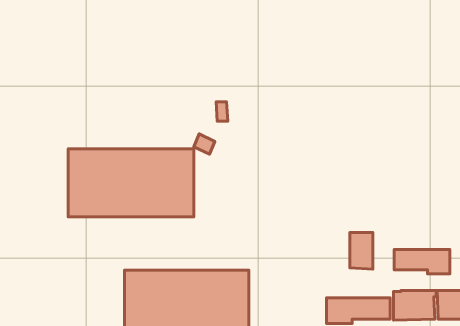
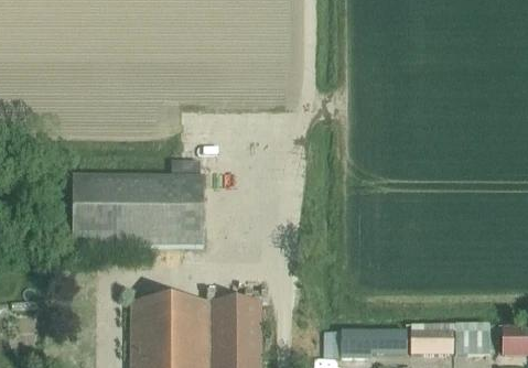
building: [350,232,373,269] -> none
building: [394,249,450,274] -> none

